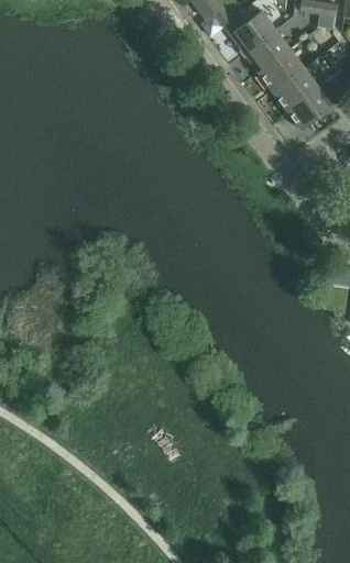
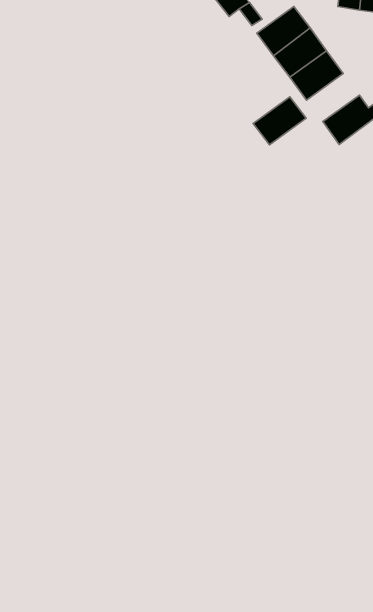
building: [274,69,320,111] -> [253,97,306,145]

